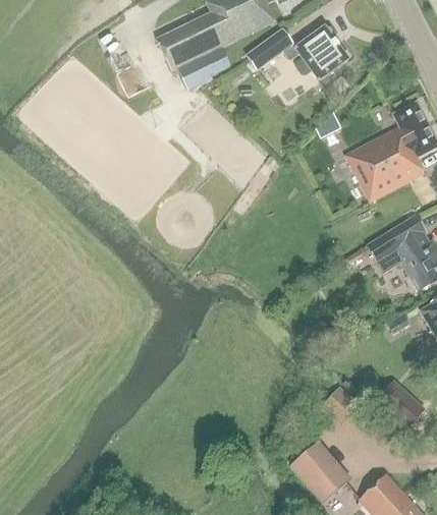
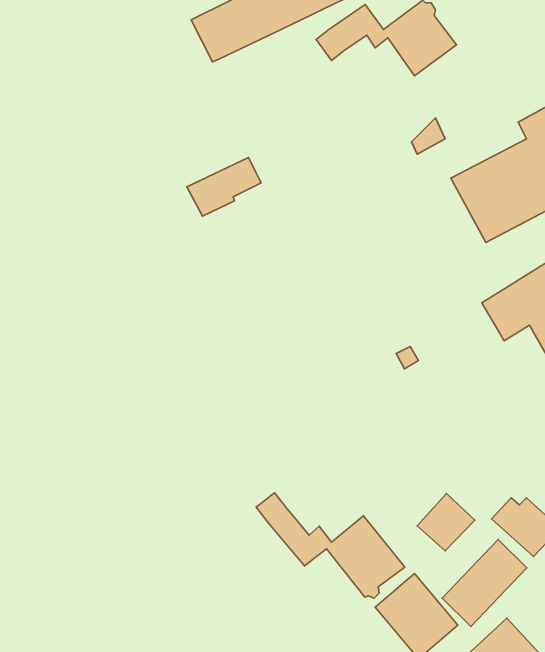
building: [176,46,230,89] -> [187,157,261,216]
building: none -> [256,493,405,598]
building: none -> [442,539,527,626]

